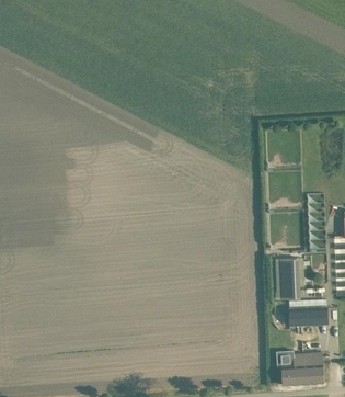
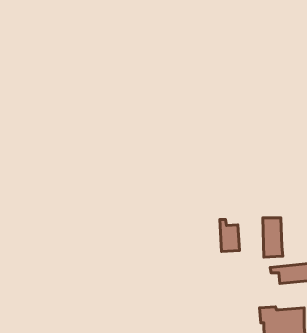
building: none -> [220,219,239,251]

